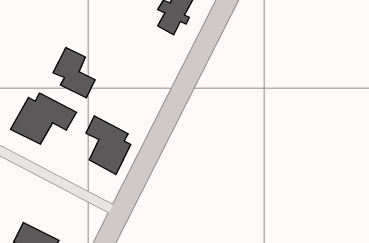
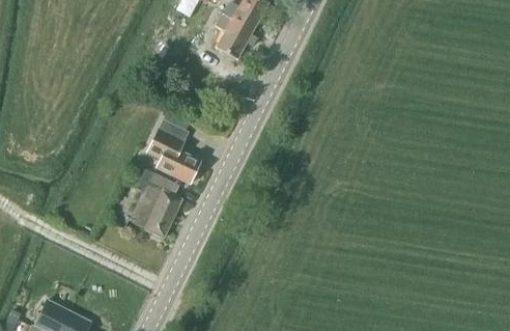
building: [53,47,95,98] -> [147,119,201,184]
building: [11,93,77,144] -> none

